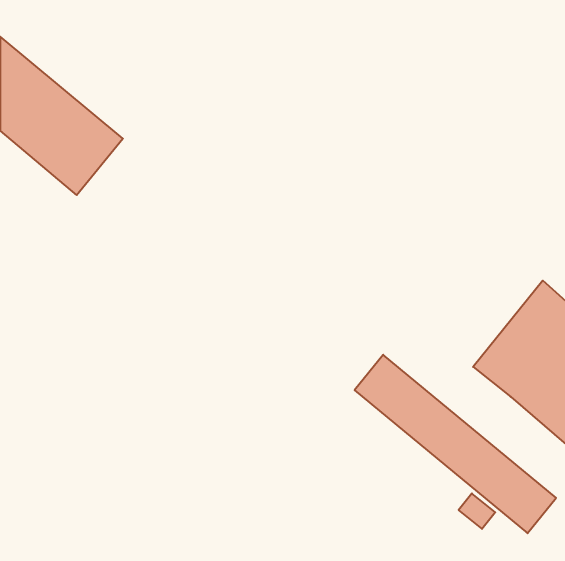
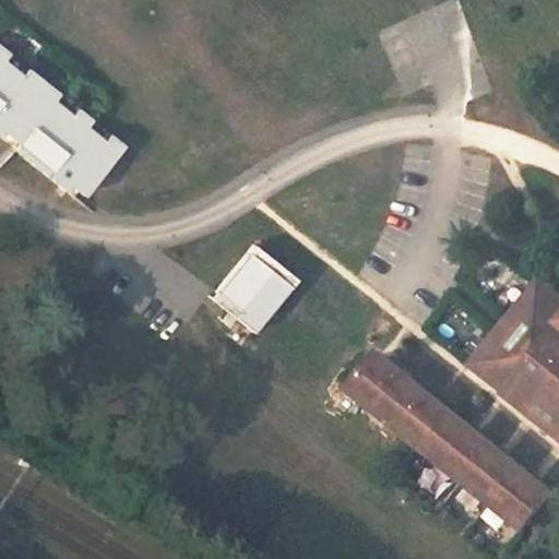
building: none -> [209,249,293,333]

